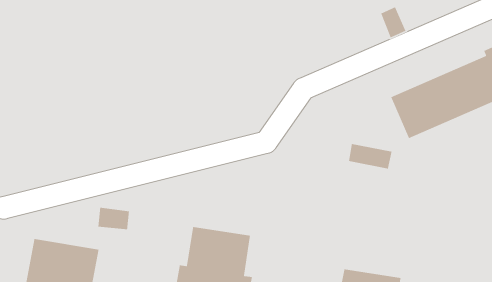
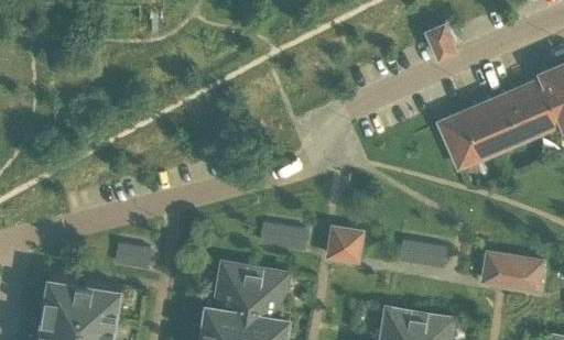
building: [348,143,393,169] -> [401,238,449,266]
building: none -> [267,220,310,248]
building: none -> [329,222,368,262]
building: none -> [481,251,541,289]

